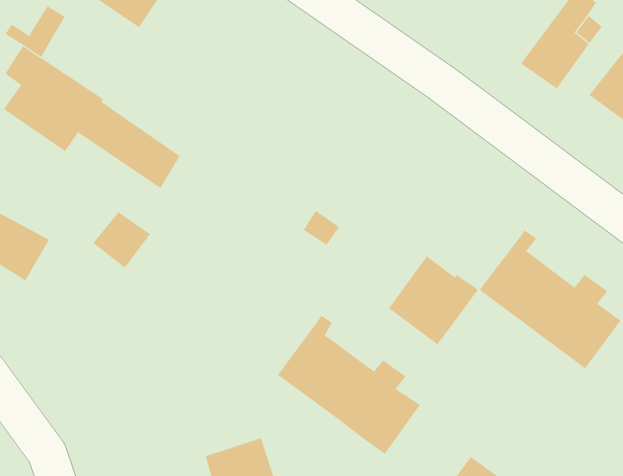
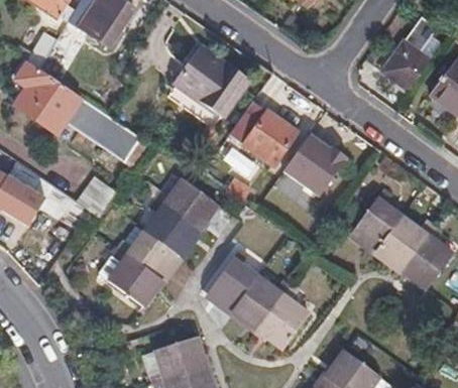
building: none -> [178,46,251,118]
building: none -> [230,101,298,164]
building: none -> [110,179,218,305]
building: [388,256,479,345] -> [282,134,347,198]

